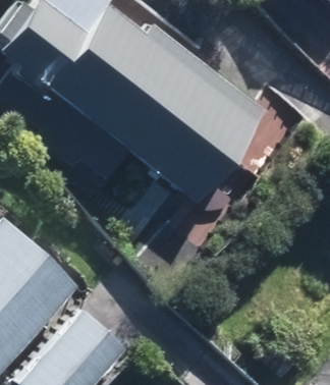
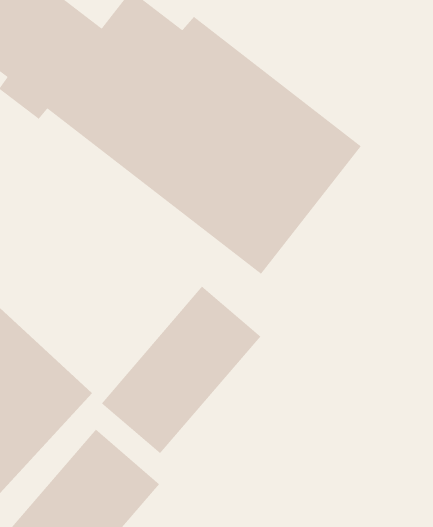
building: none -> [101,286,261,454]

